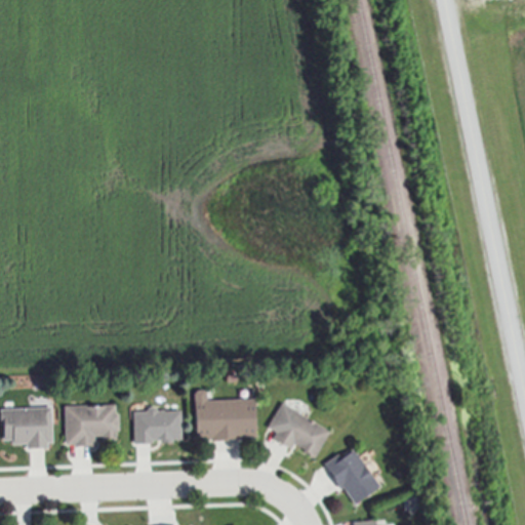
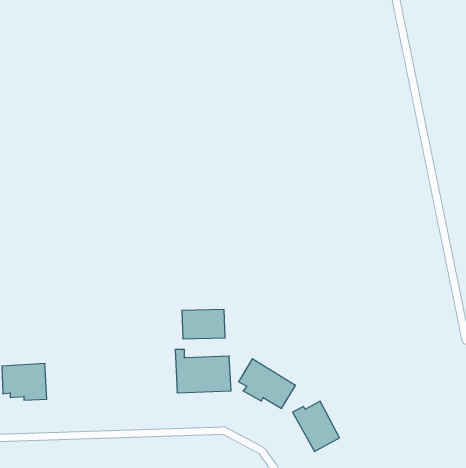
building: [65,404,118,445] -> none
building: [133,409,181,442] -> [182,310,225,339]

